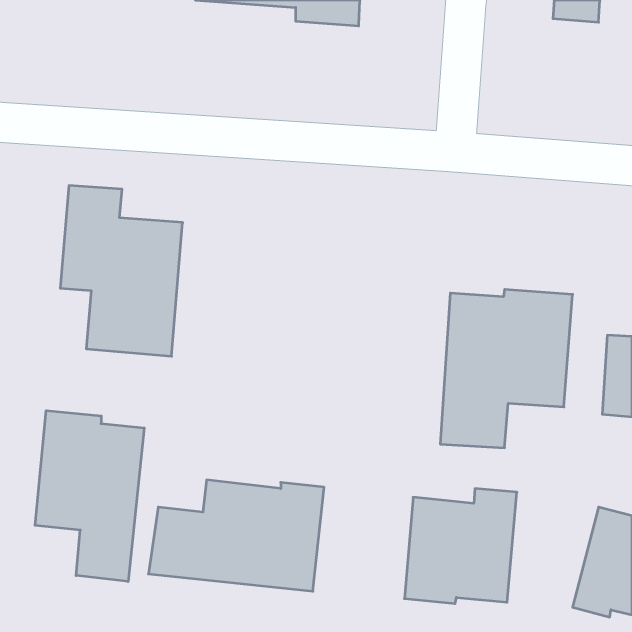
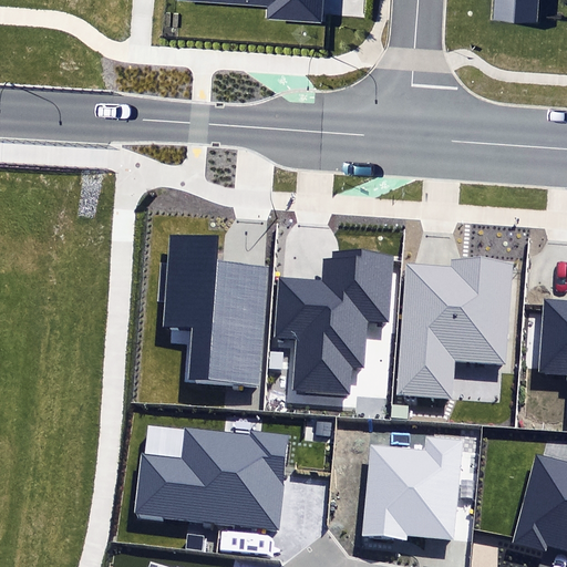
building: [60,186,183,356] -> [162,235,271,388]
building: none -> [274,255,392,395]
building: [35,411,144,582] -> none

